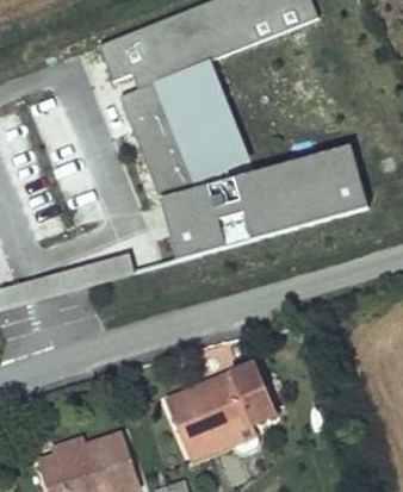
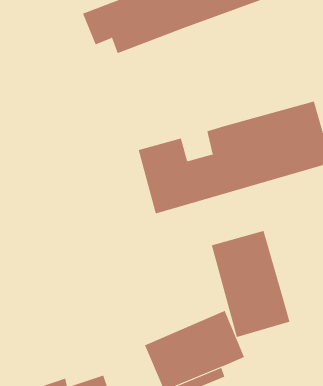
building: [122,58,254,191] -> none
building: none -> [211,230,290,338]

